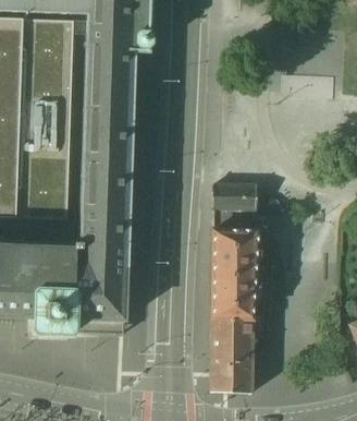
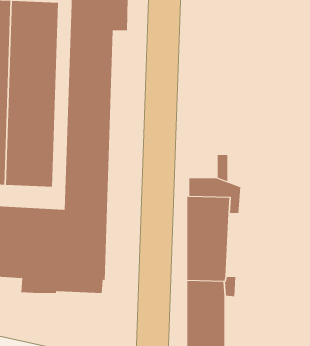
building: [213,182,245,208] -> none

